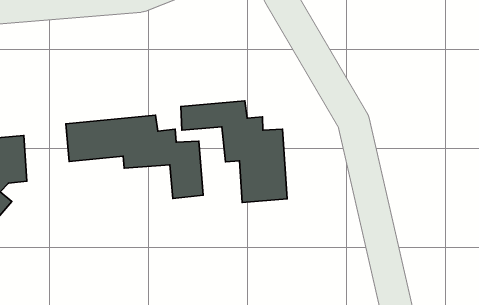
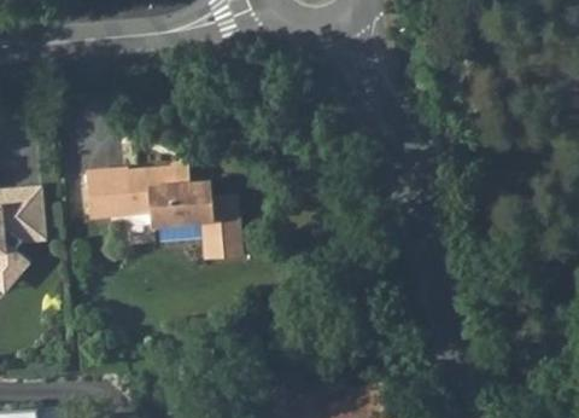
building: [181,101,287,203] -> none

